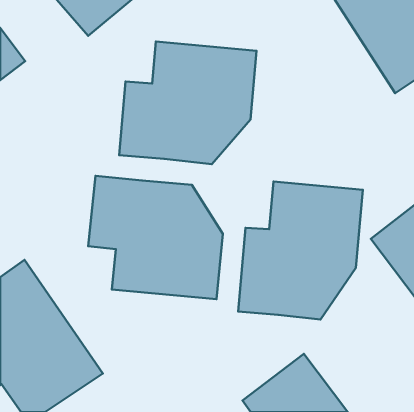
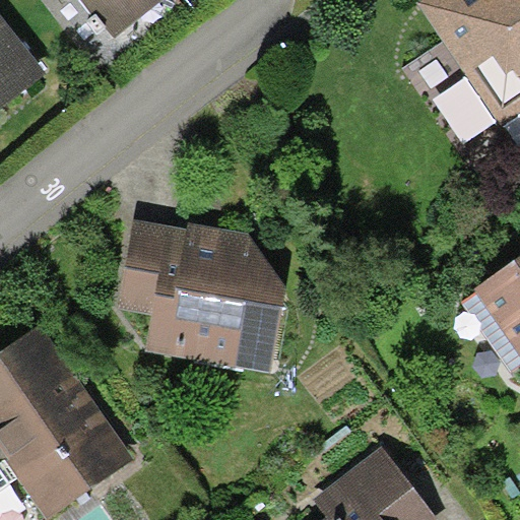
building: [119,42,256,164] -> none
building: [238,182,363,319] -> none

